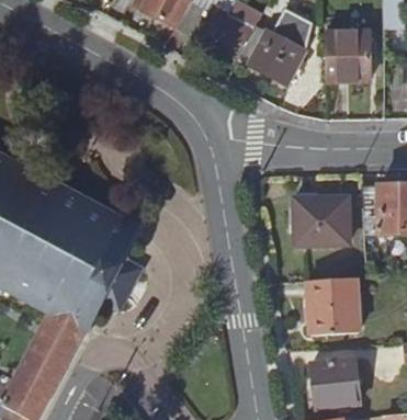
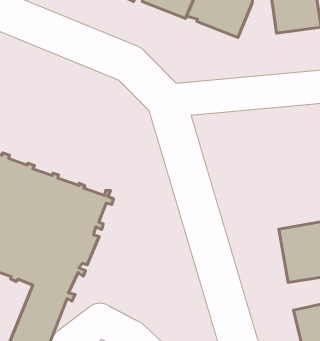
building: [295,197,348,245] -> none

